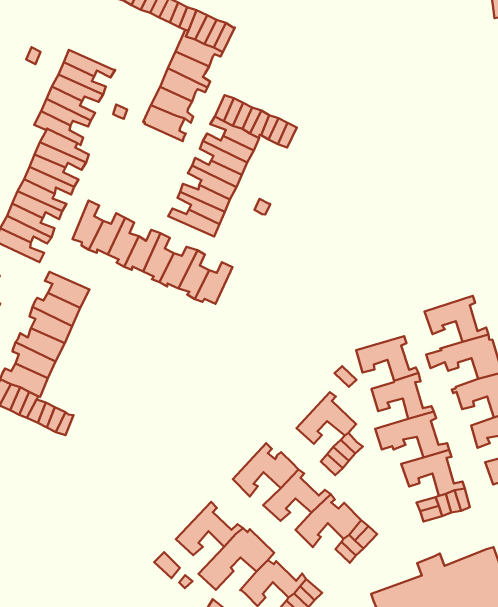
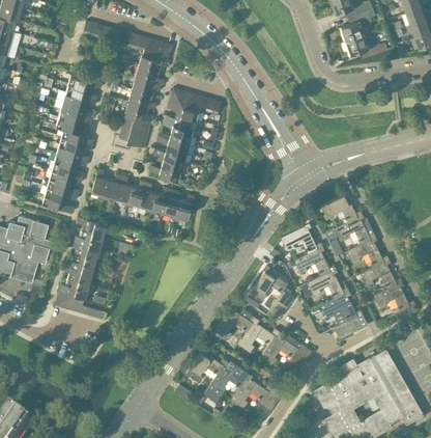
building: none -> [118,115,150,148]

